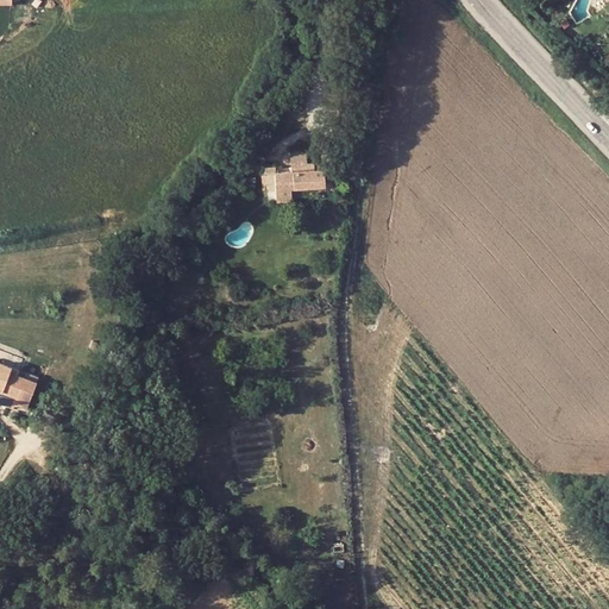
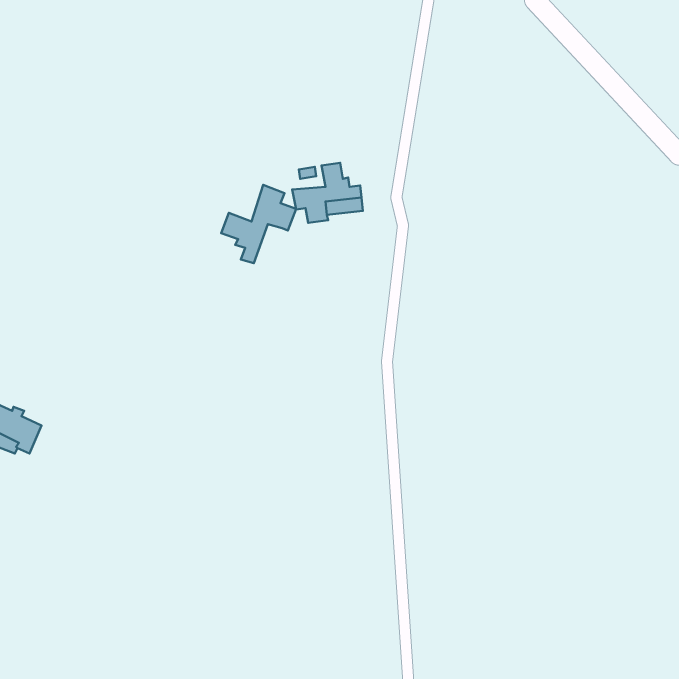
building: none -> [221,185,296,263]

